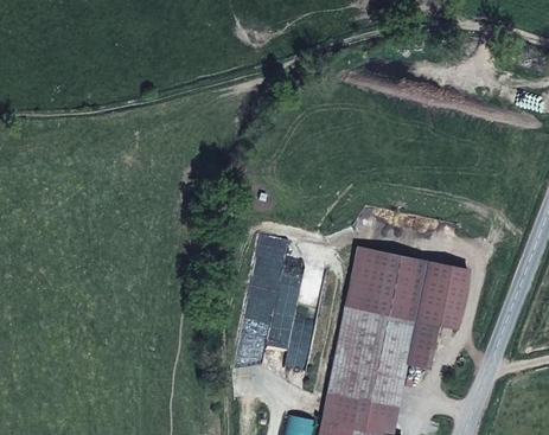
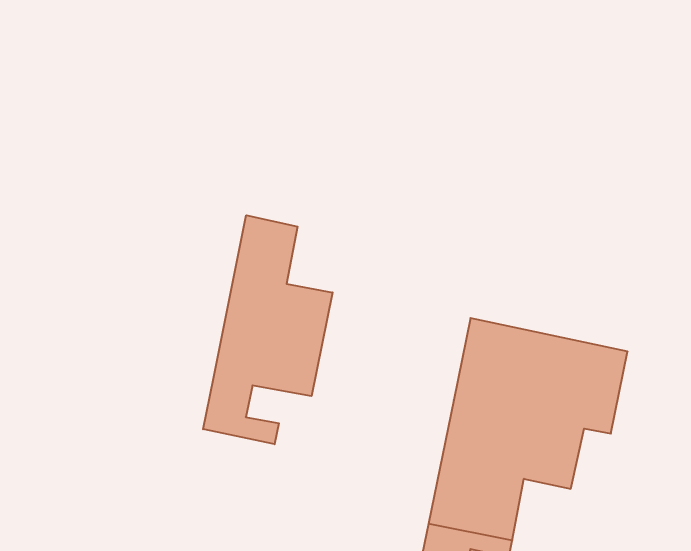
building: none -> [203,215,333,444]

